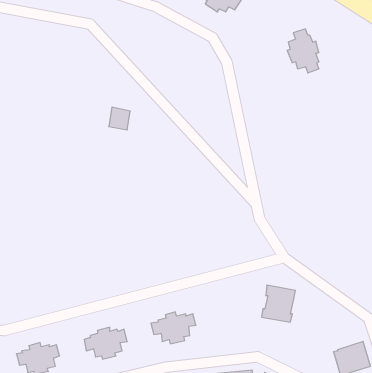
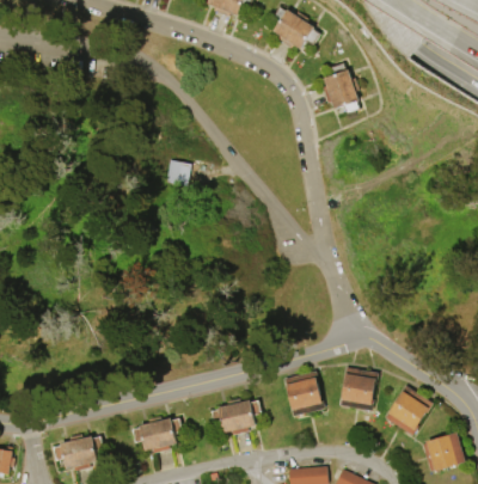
building: [287,29,319,73] -> [319,61,356,112]
building: none -> [284,372,326,416]
building: none -> [385,385,434,436]

